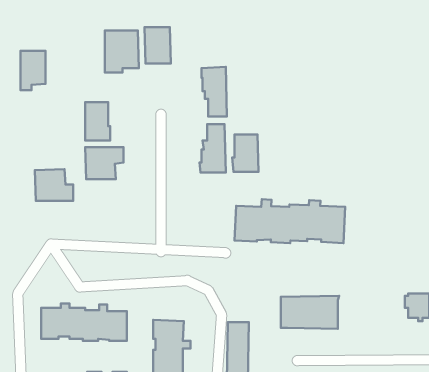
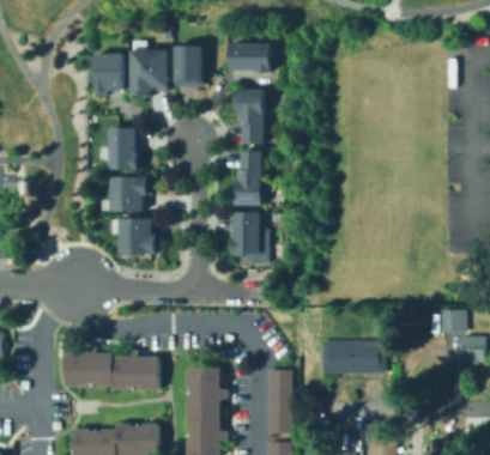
building: none -> [231,46,272,73]
building: [20,51,46,90] -> [93,55,121,98]
building: [232,134,259,172] -> [232,214,261,255]
building: [35,169,73,201] -> [119,220,161,255]
building: [234,199,345,243] -> none
building: none -> [441,311,467,334]

